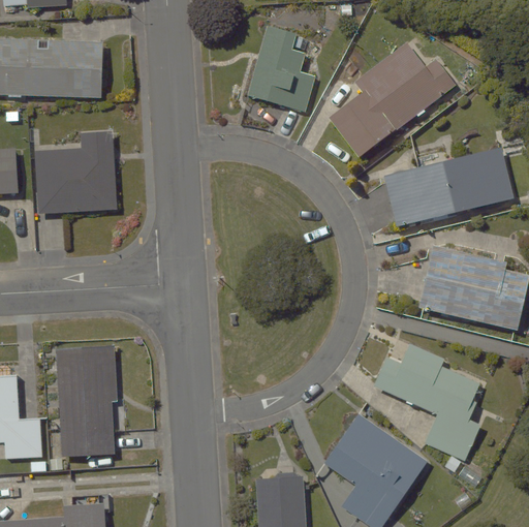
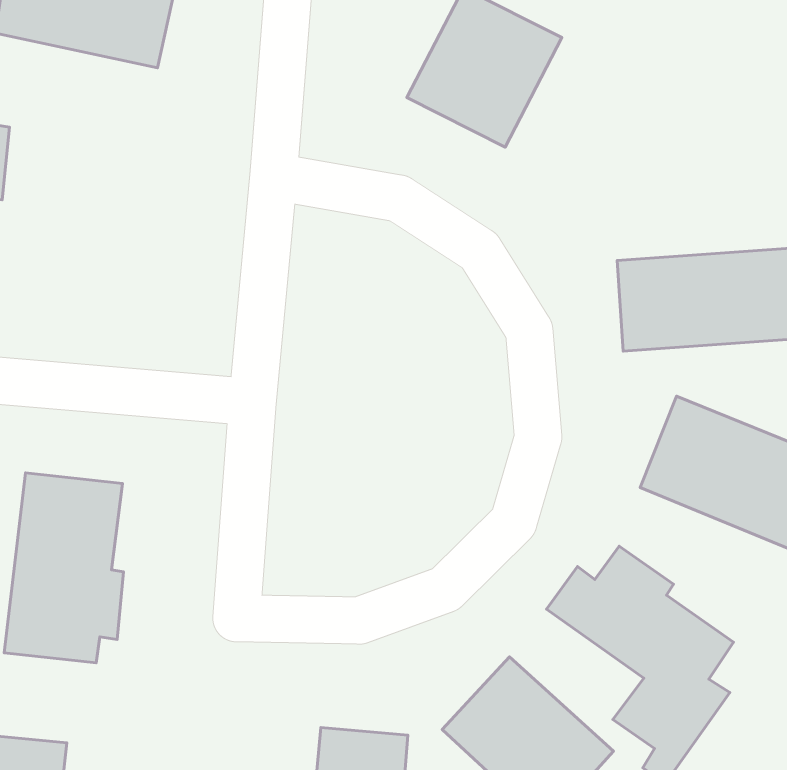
building: [328,43,454,156] -> none
building: [35,126,118,215] -> none

